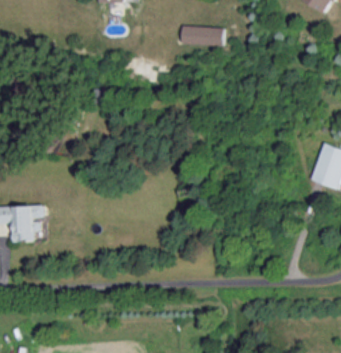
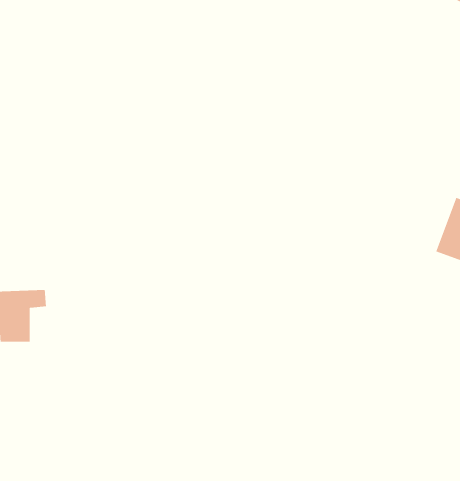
building: [181,26,224,45] -> none

